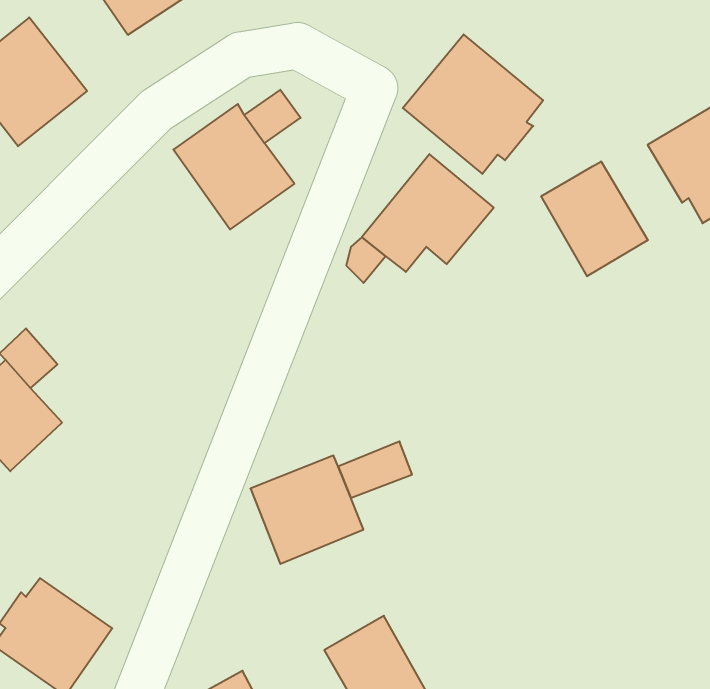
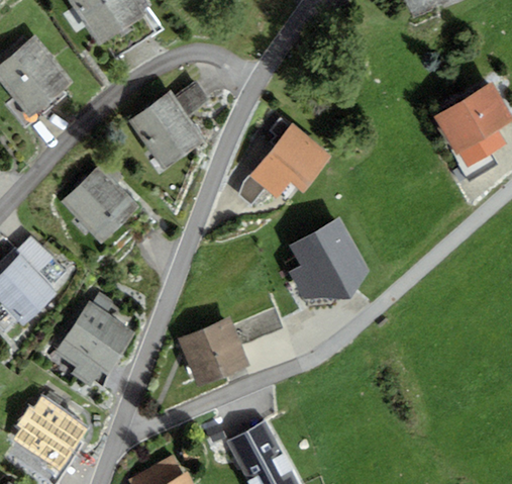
building: [403,34,543,174] -> none
building: [541,161,648,276] -> none
building: none -> [60,166,137,244]
building: none -> [287,217,370,299]
building: none -> [55,292,135,386]

